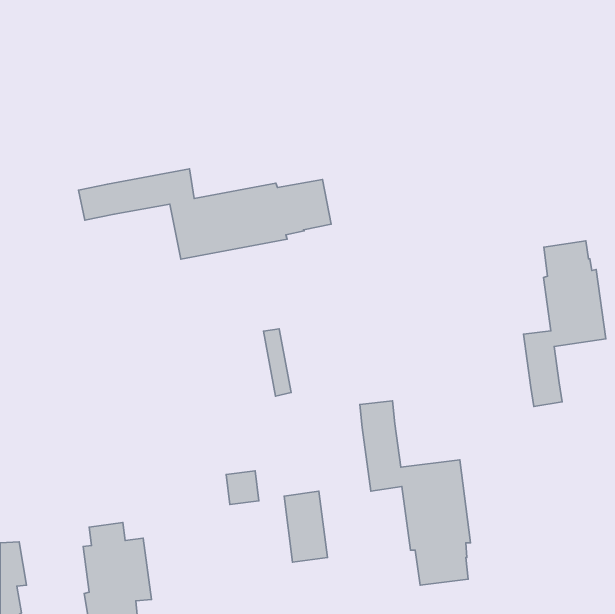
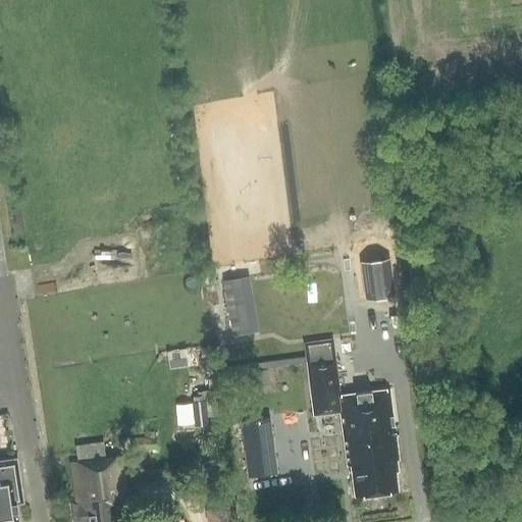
building: [78,169,331,259] -> none
building: [523,241,606,406] -> none
building: none -> [361,260,395,301]

